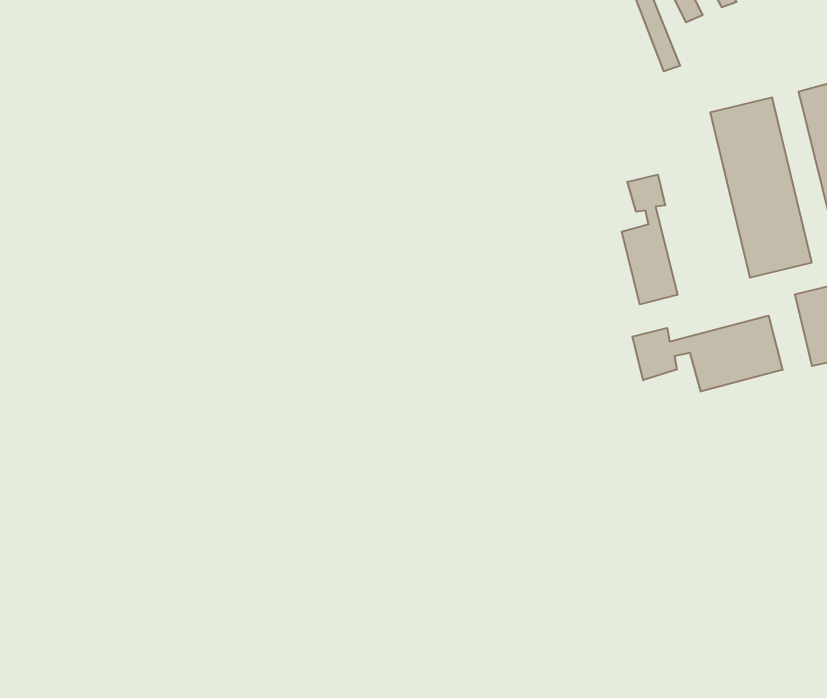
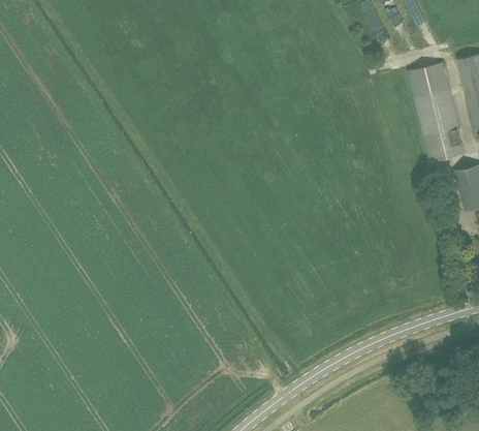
building: [622,175,677,304] -> none
building: [632,316,783,392] -> none

